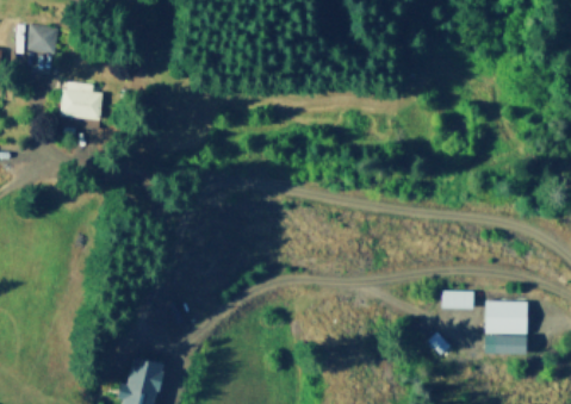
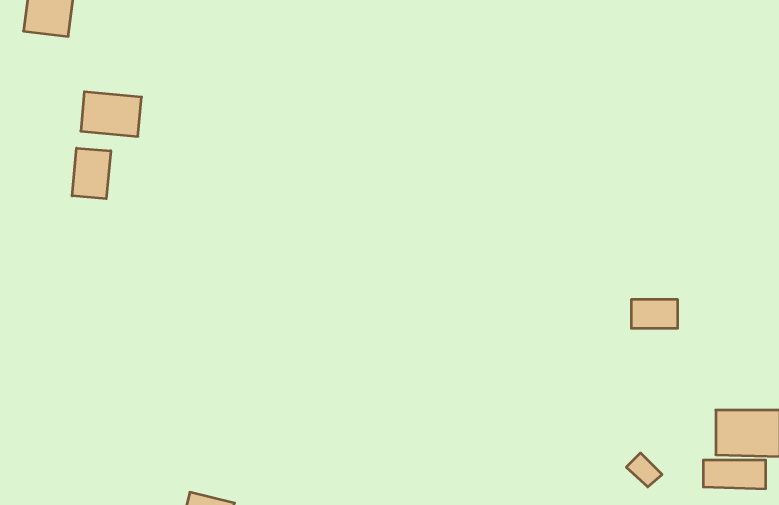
building: none -> [72,148,111,199]
building: [441,291,472,310] -> [631,300,678,328]

